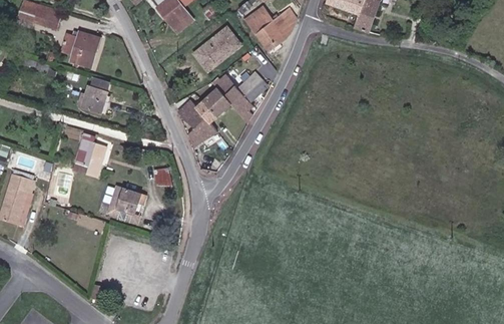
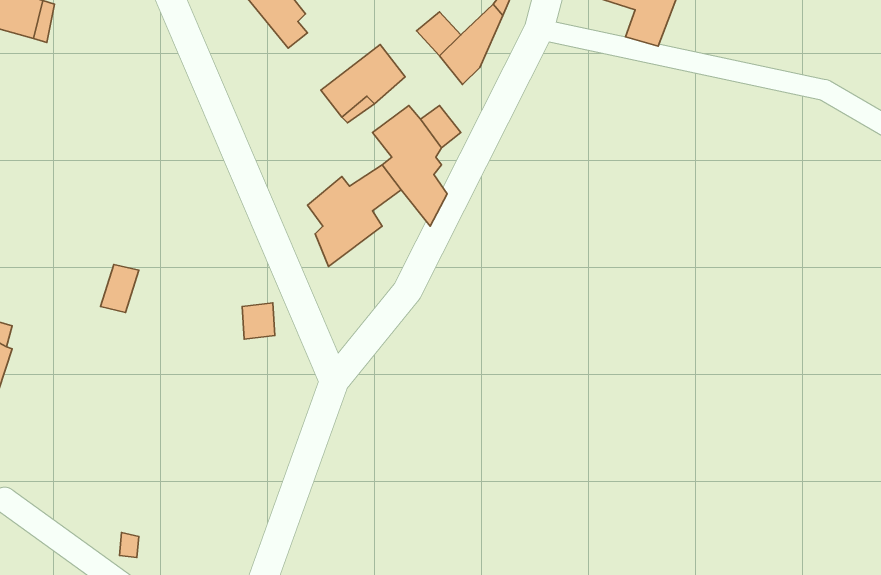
building: [59,29,96,65] -> none
building: [82,76,111,111] -> none
building: [111,190,136,220] -> none

